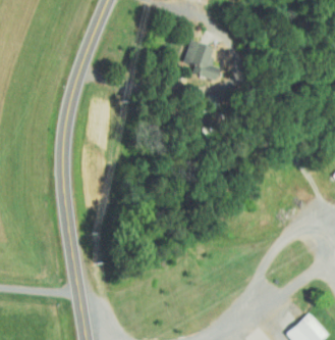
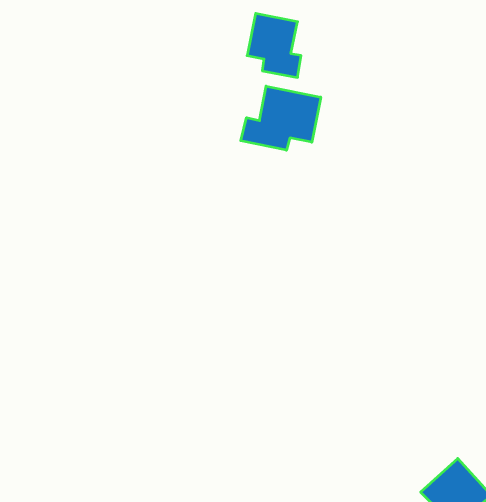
building: none -> [241,86,321,150]

